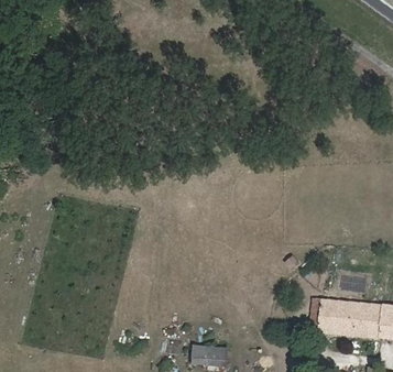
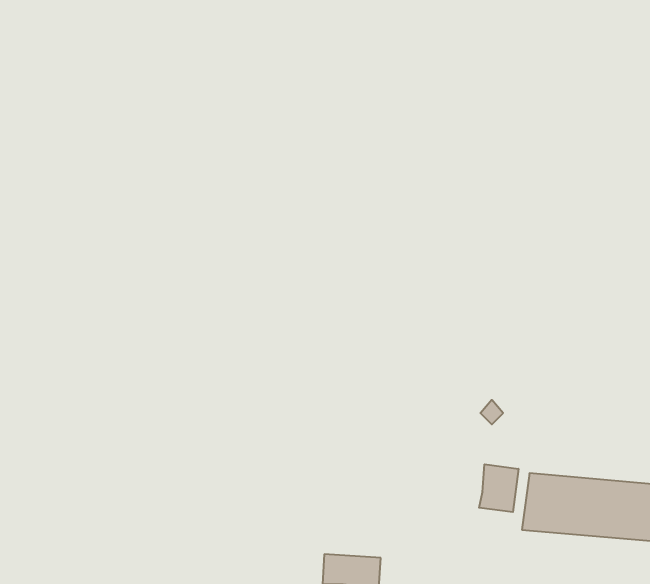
building: none -> [479,464,518,512]

